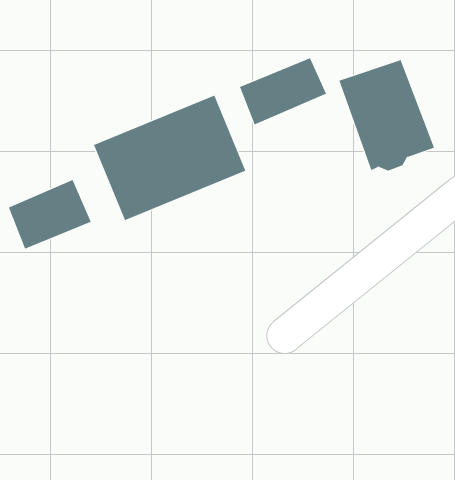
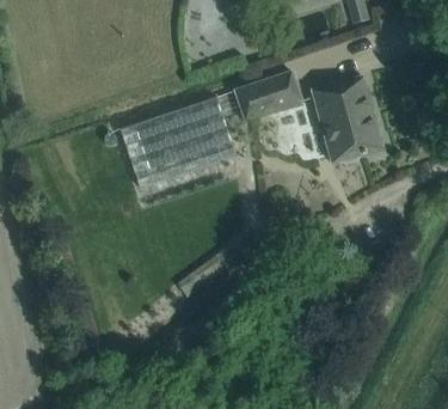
building: [8,179,92,250] -> none

